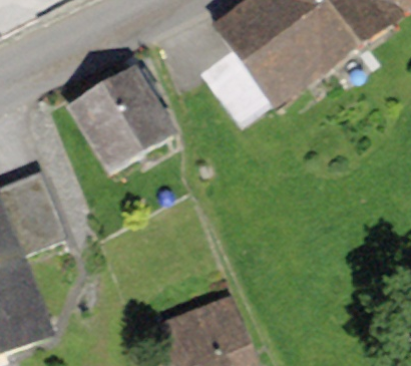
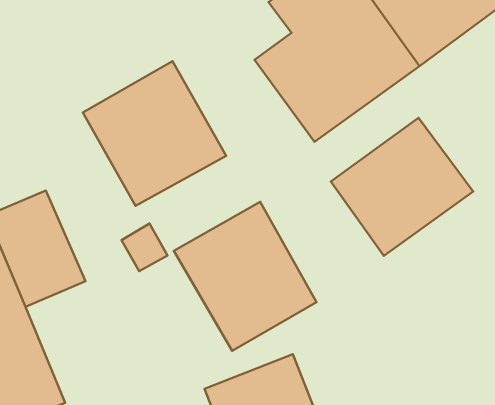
building: none -> [331,118,473,256]
building: none -> [174,202,317,351]

